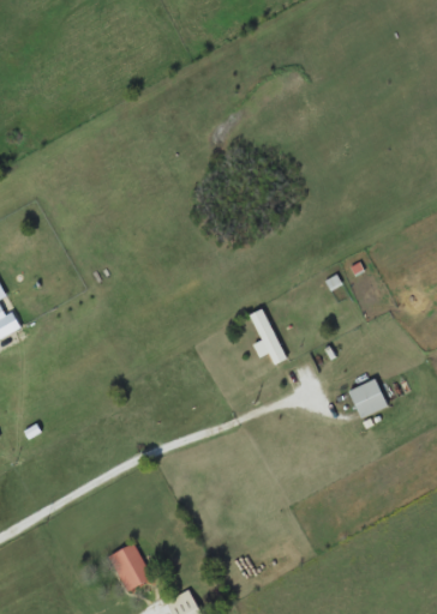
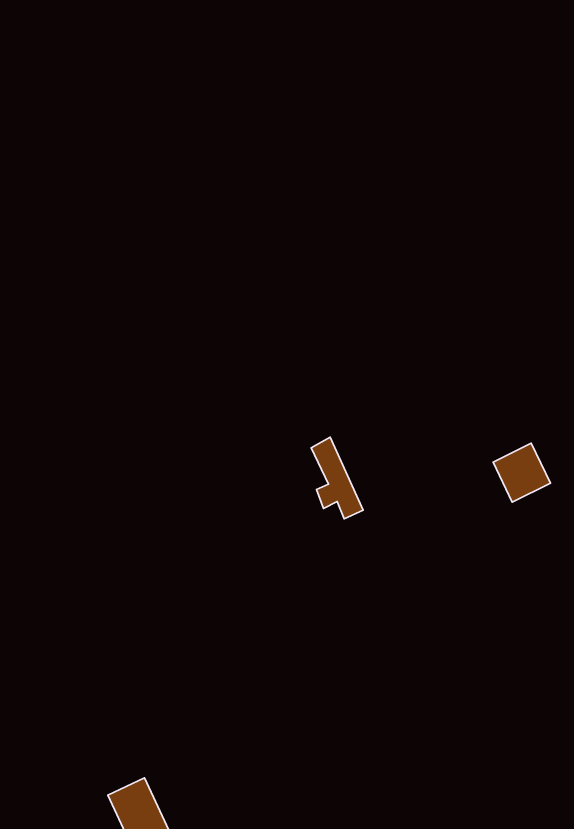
building: [348,378,388,419] -> [493,443,550,502]

